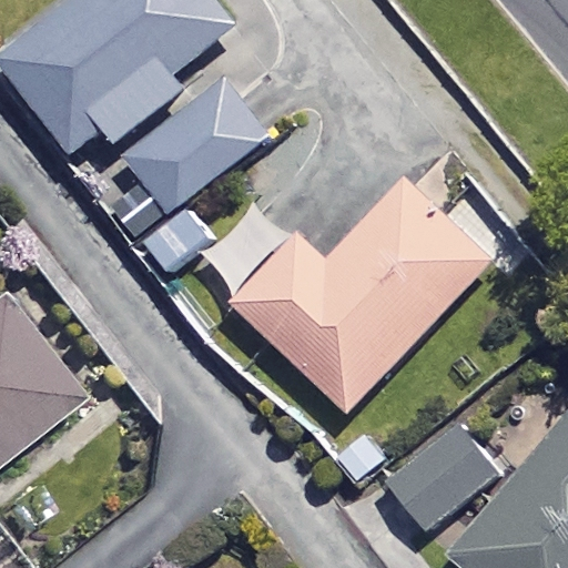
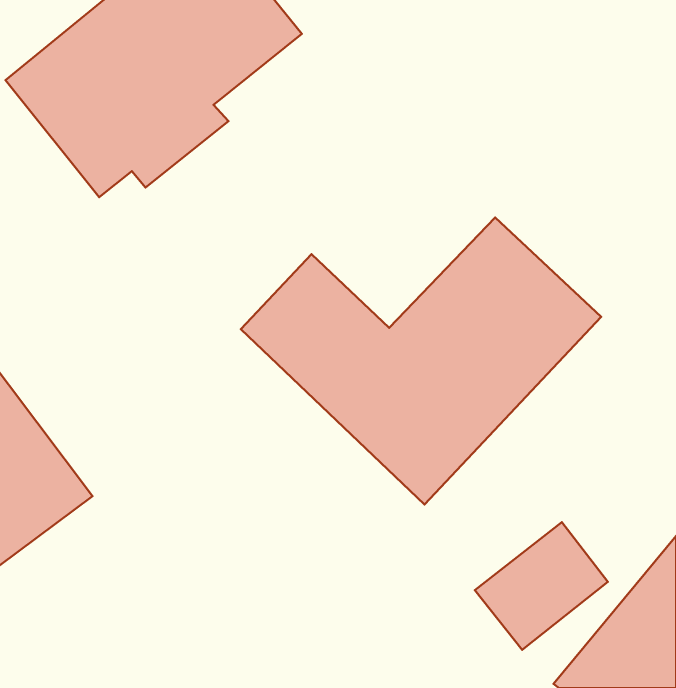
building: [123,79,264,211] -> none

